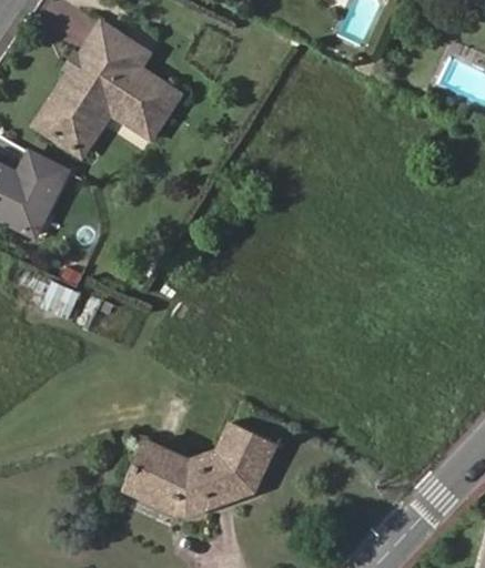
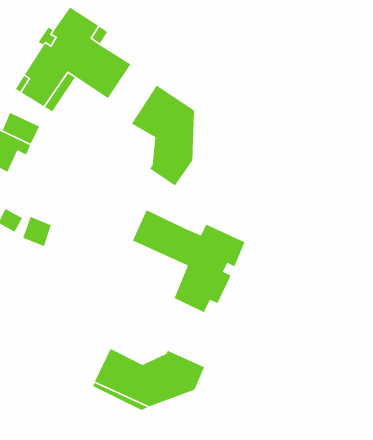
building: none -> [131,84,195,186]
building: none -> [132,209,245,313]
building: [223,425,279,467] -> none

